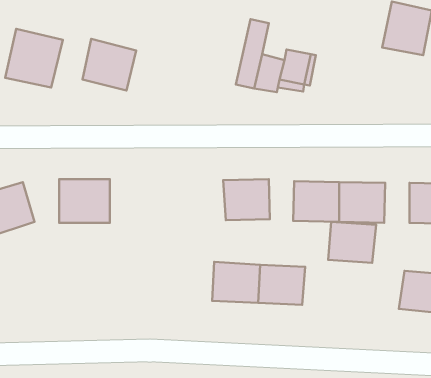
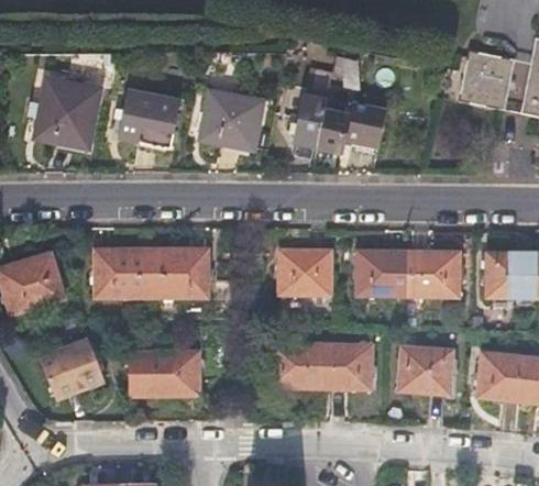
building: none -> [201,92,262,148]
building: none -> [152,248,208,298]
building: [328,222,376,263] -> [399,347,453,394]
building: none -> [40,336,103,395]
building: none -> [129,351,199,396]

